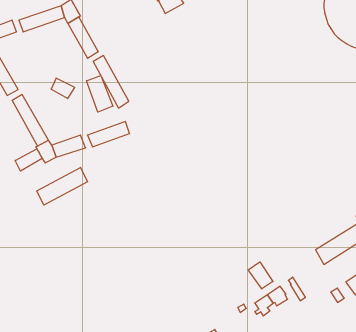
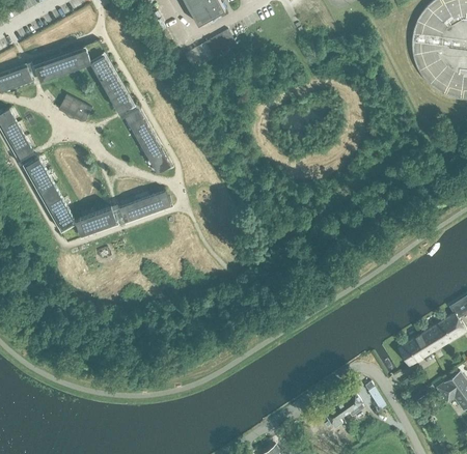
building: [87,76,113,112] -> none
building: [51,78,75,98] -> [59,95,88,120]
building: [15,149,42,171] -> none
building: [37,167,88,205] -> none
building: [248,262,273,289] -> none

